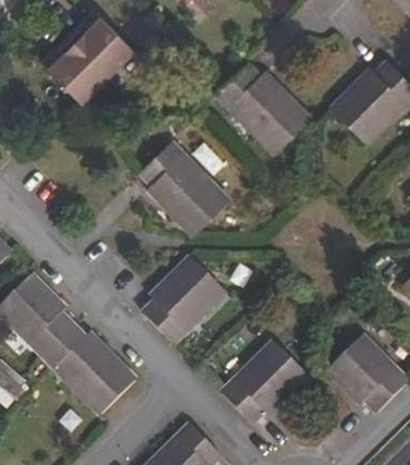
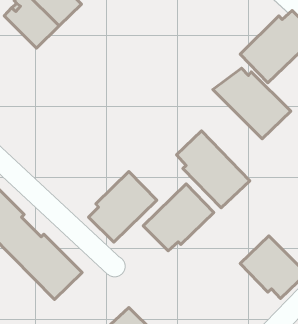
building: [208,72,302,158] -> [213,68,291,139]
building: [138,138,227,232] -> [176,131,250,208]
building: [222,340,308,421] -> [143,184,214,251]

